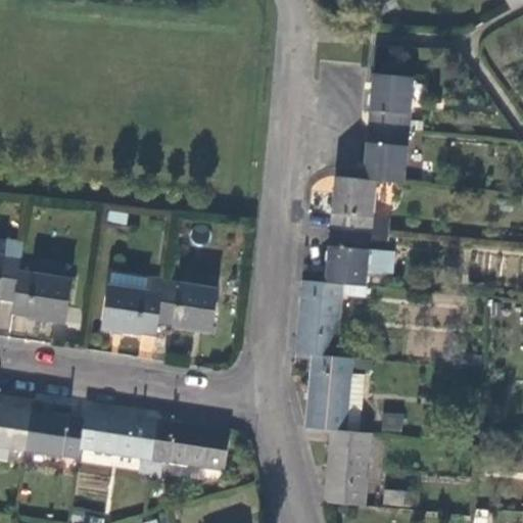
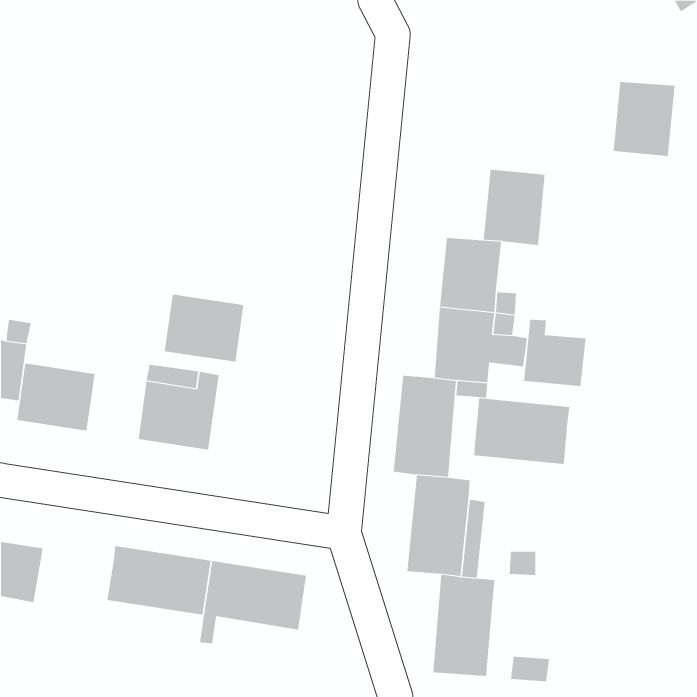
building: [367,75,414,131] -> [613,81,675,156]
building: none -> [524,319,586,387]
building: [158,280,219,331] -> [164,294,244,362]
building: none -> [473,398,570,465]
building: [26,411,85,460] -> none

